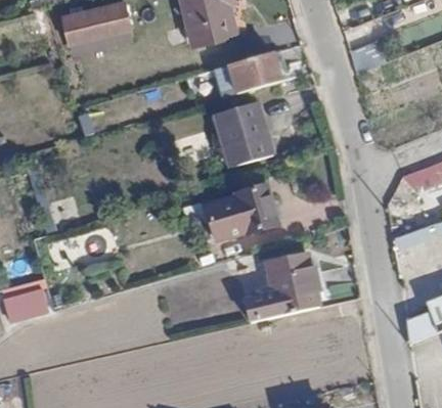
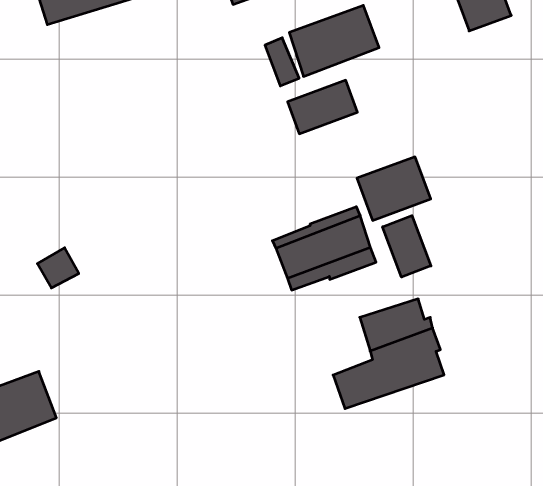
building: [233,121,282,162] -> [357,157,431,220]
building: none -> [383,216,431,277]

